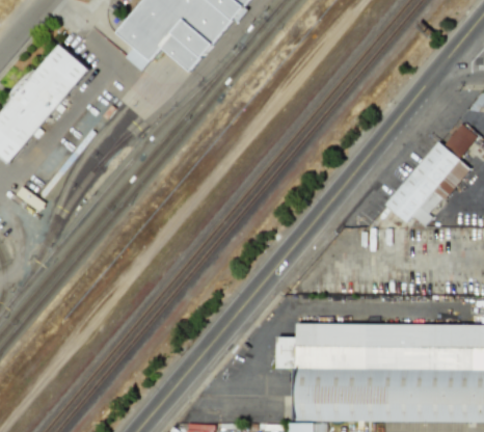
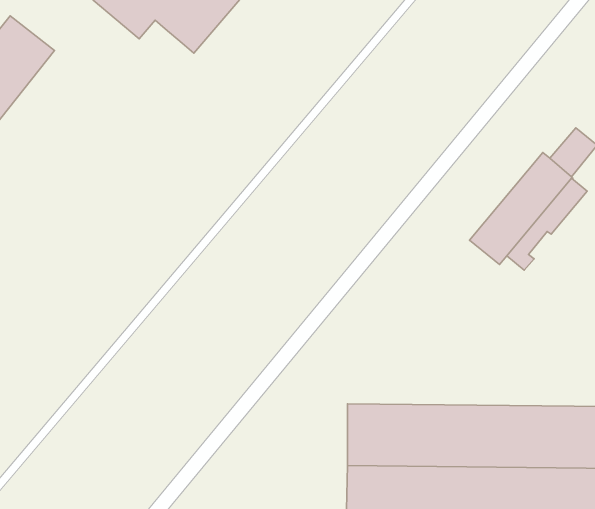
building: [277,336,298,368] -> none

